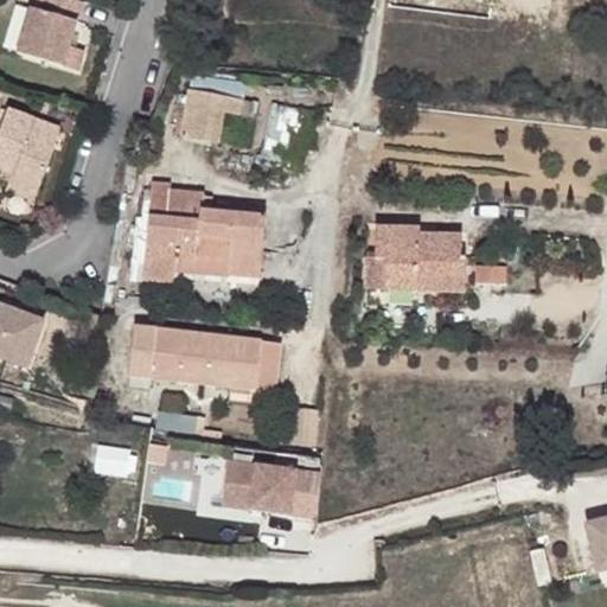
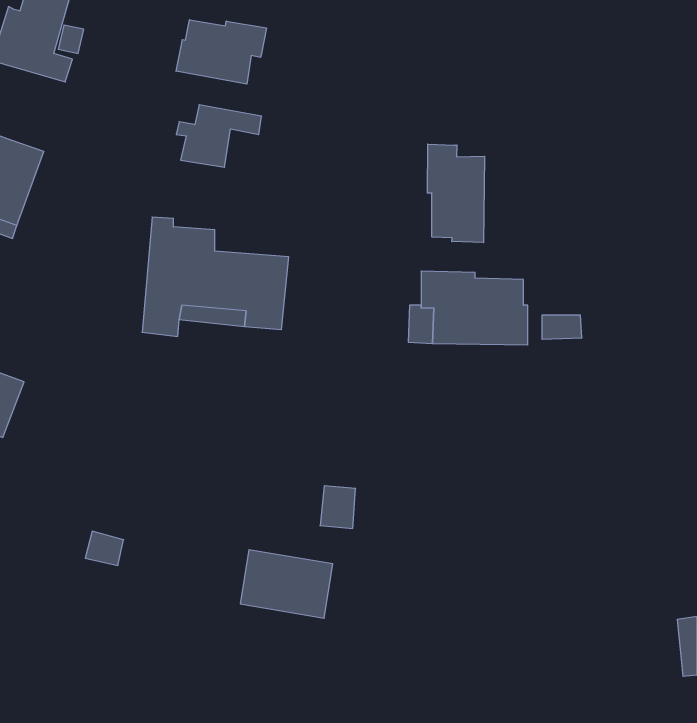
building: none -> [176,20,266,84]
building: none -> [427,144,485,243]
building: [129,326,262,388] -> none

